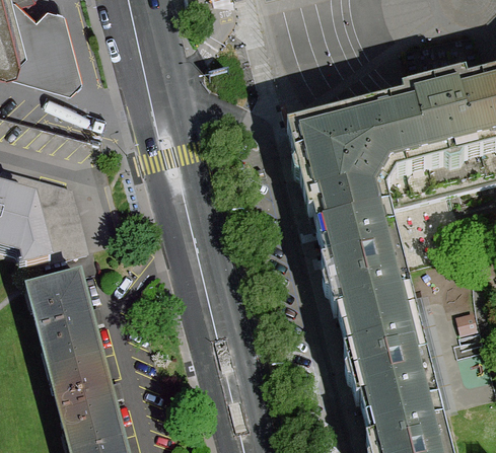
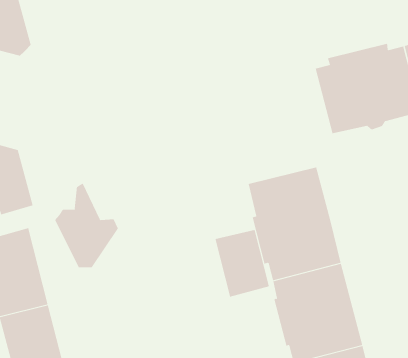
building: [286,102,406,226] -> none
building: none -> [55,183,119,268]
building: none -> [215,229,269,297]

